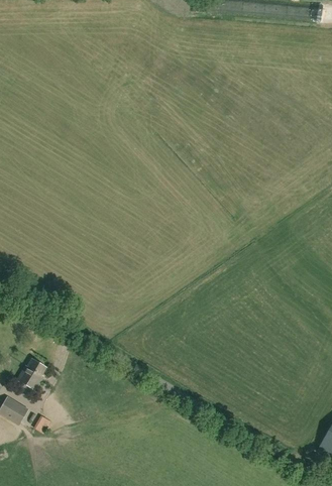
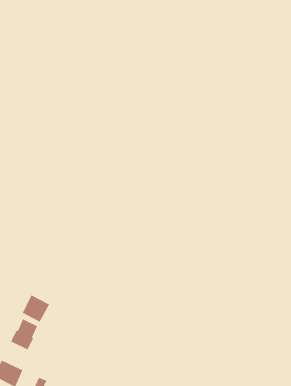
building: none -> [22,295,50,322]

